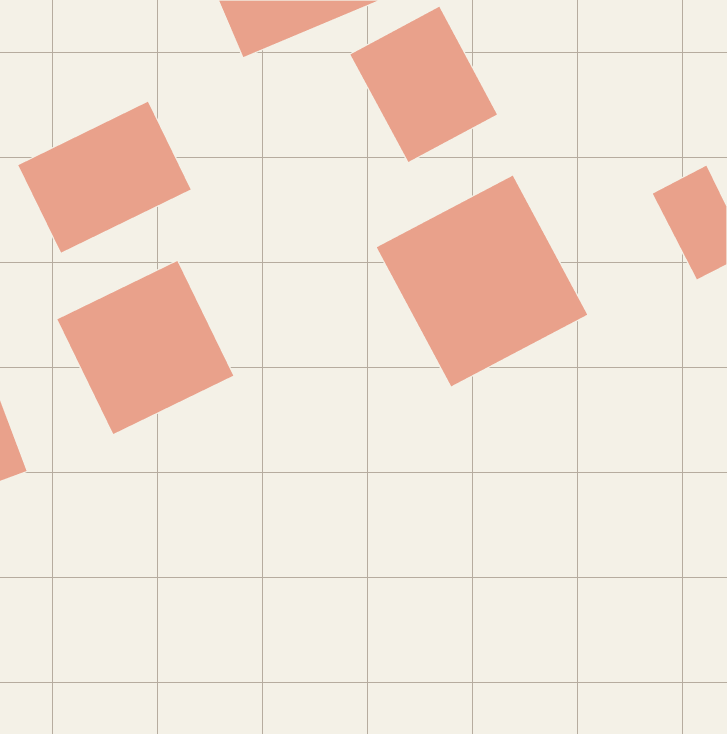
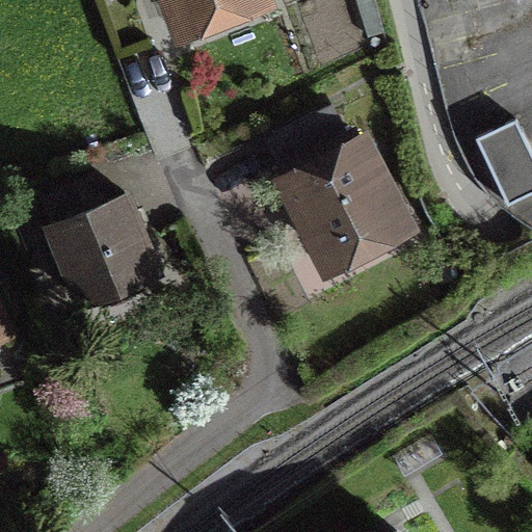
building: [350,6,498,163] -> none
building: [17,101,192,253] -> none

